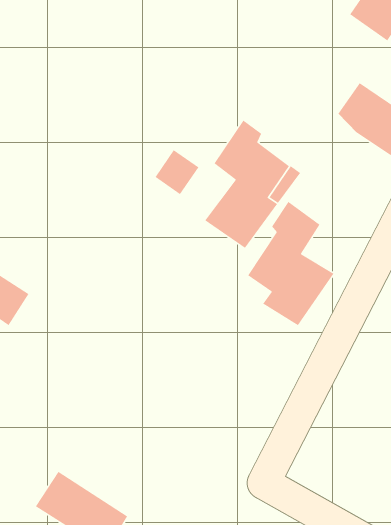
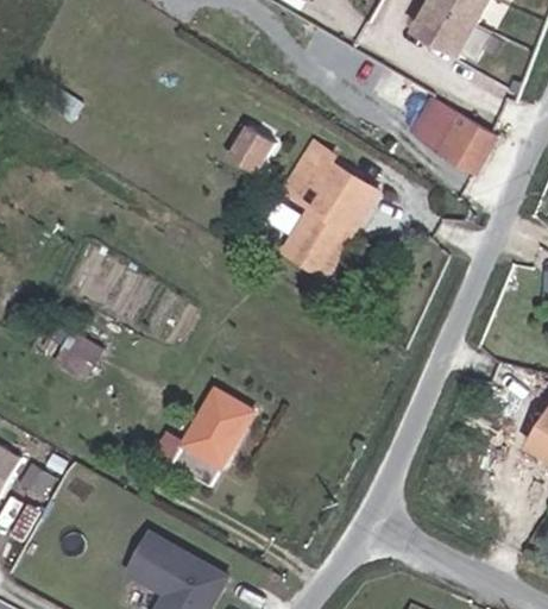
building: [154,149,199,195] -> [228,130,275,177]
building: [247,201,335,326] -> none
building: none -> [171,384,254,482]

